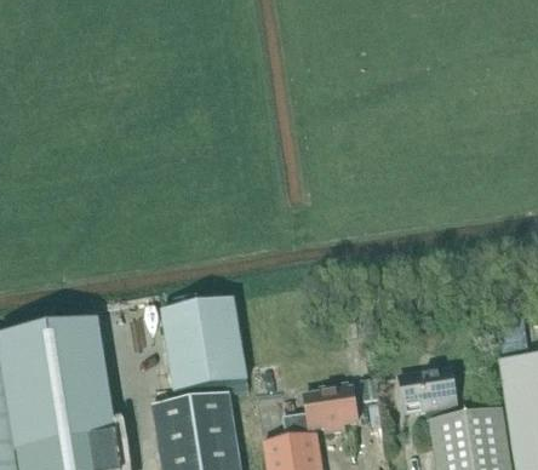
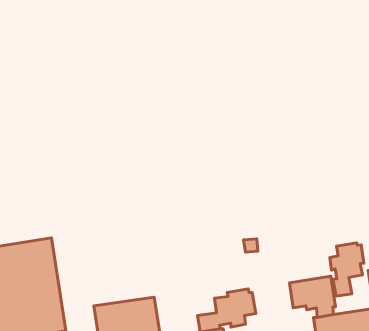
building: [161,298,248,391] -> none
building: none -> [330,243,364,296]

